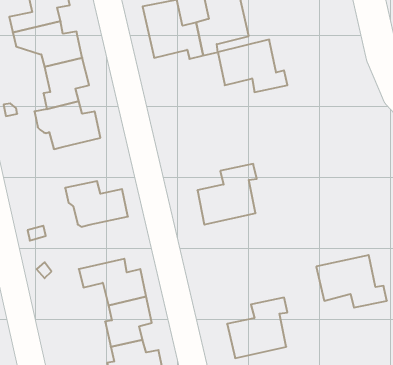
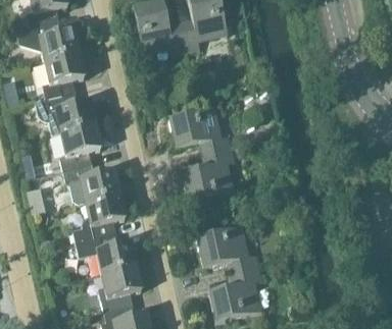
building: [218,40,287,92] -> [169,107,232,154]
building: none -> [60,124,101,169]
building: none -> [74,195,125,241]
building: [316,255,387,308] -> [196,226,259,273]

